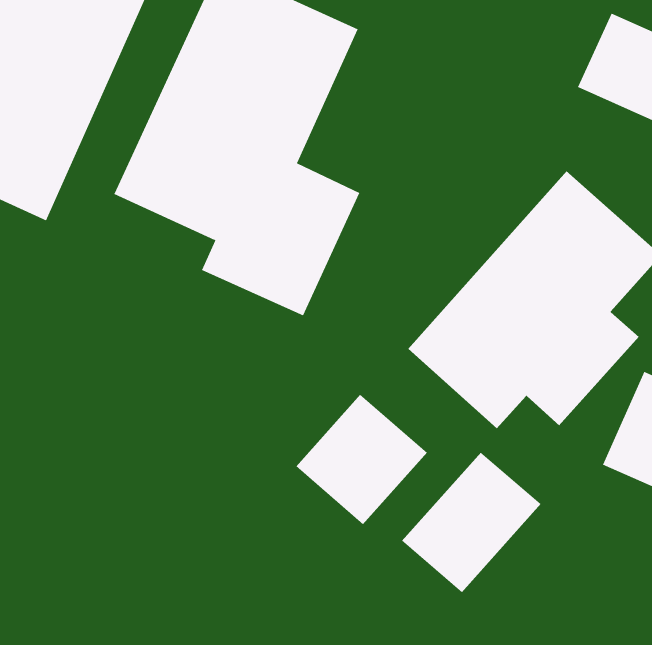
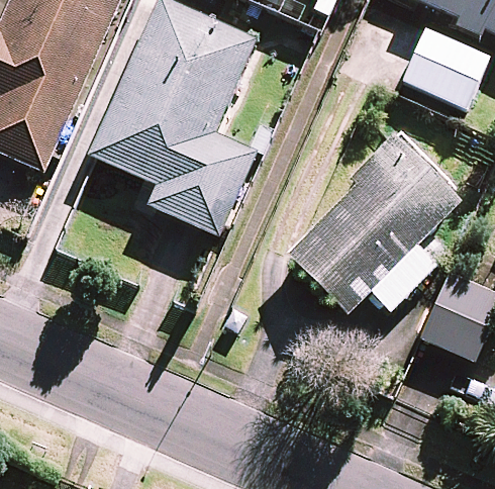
building: [295,394,428,525] -> none
building: [401,452,541,593] -> none

